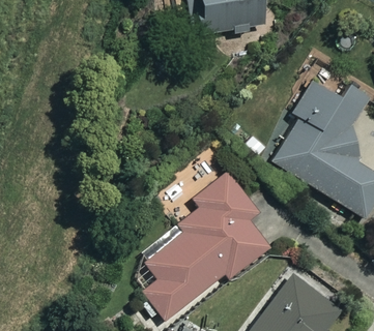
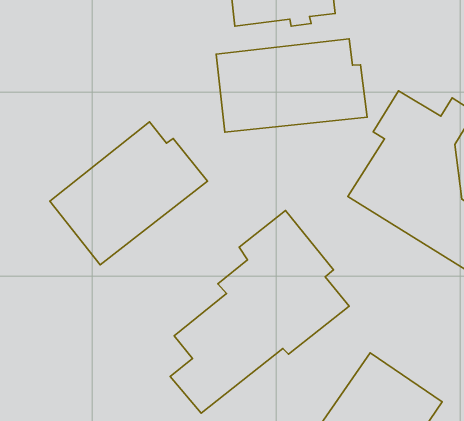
building: none -> [216,39,367,132]
building: none -> [50,122,208,265]

